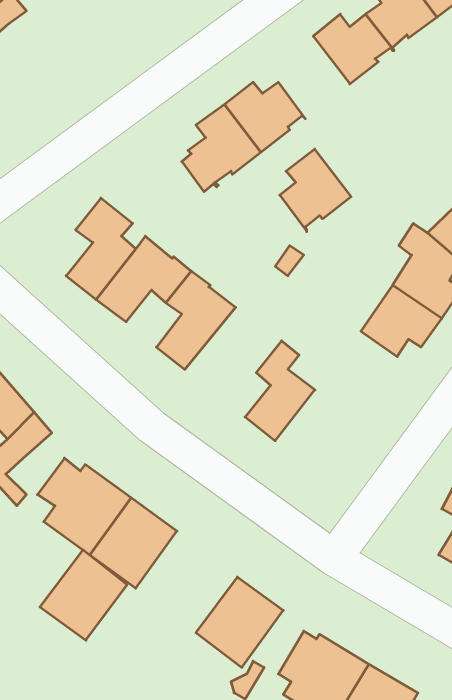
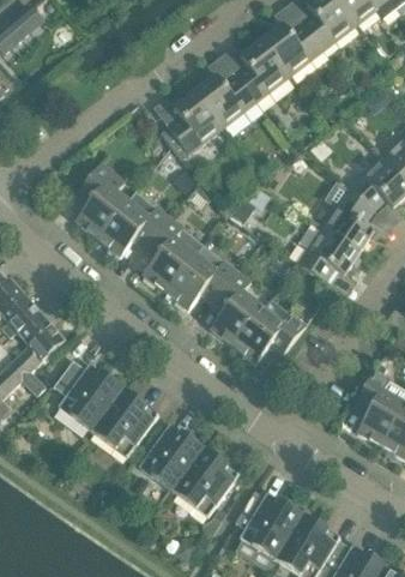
building: [280,149,351,232] -> [235,40,289,102]
building: none -> [164,244,237,309]
building: none -> [232,307,306,363]
building: [40,550,127,640] -> [138,422,204,491]

